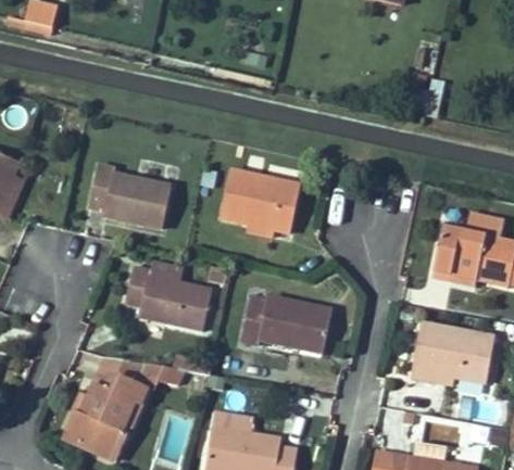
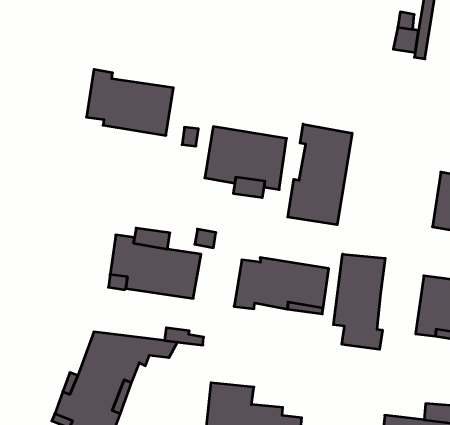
building: [88,163,172,229] -> [86,69,173,135]
building: none -> [288,124,352,225]
building: none -> [333,254,385,349]

